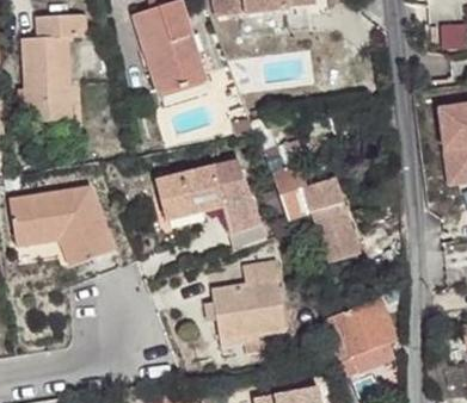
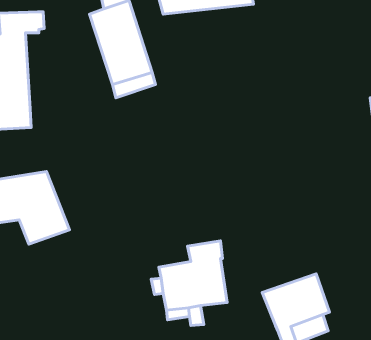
building: [248,117,358,261] -> none
building: [155,160,259,234] -> none

